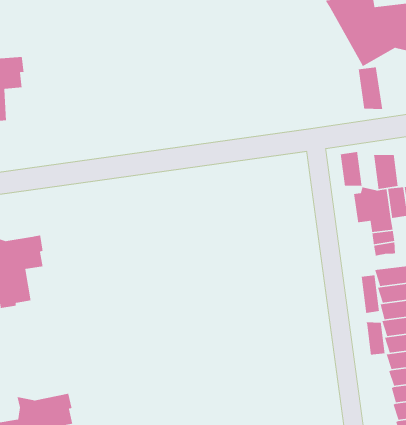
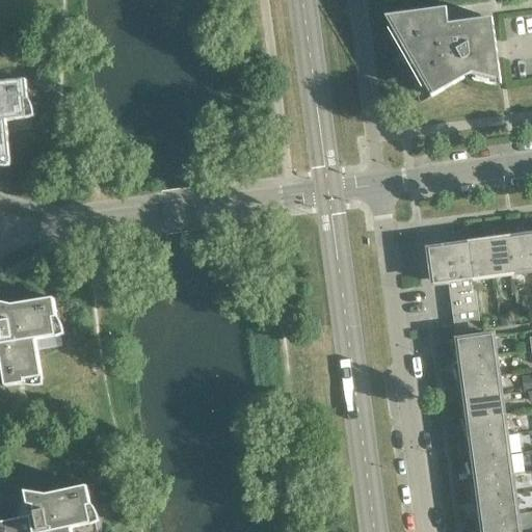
building: [358,67,383,110] -> none
building: [340,151,363,187] -> none
building: [373,154,399,190] -> none
building: [361,275,380,314] -> none
building: [366,321,386,355] -> none

